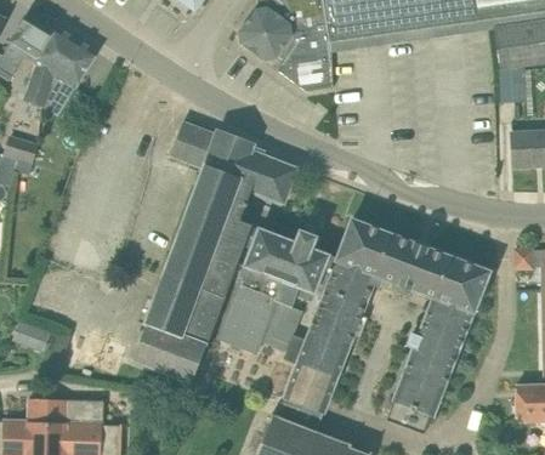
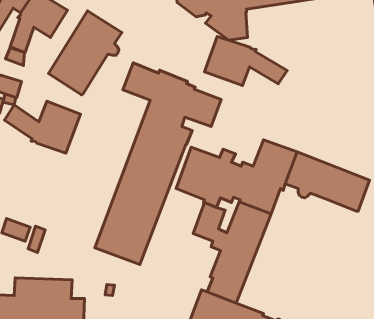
building: none -> [48,11,122,95]
building: none -> [204,36,287,85]
building: none -> [5,101,81,153]
building: [217,283,276,353] -> none
building: [387,296,475,433] -> none

